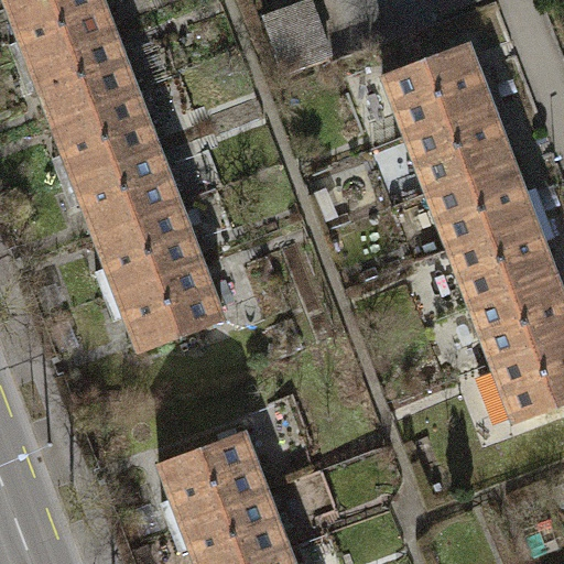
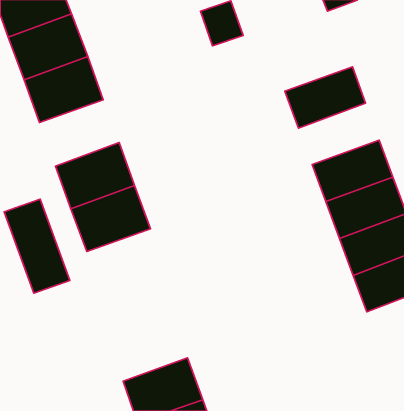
building: [382,41,492,124] -> none
building: [64,137,173,227] -> none
building: [419,141,529,225] -> none
building: none -> [4,199,70,293]
building: [158,432,267,521] -> none

